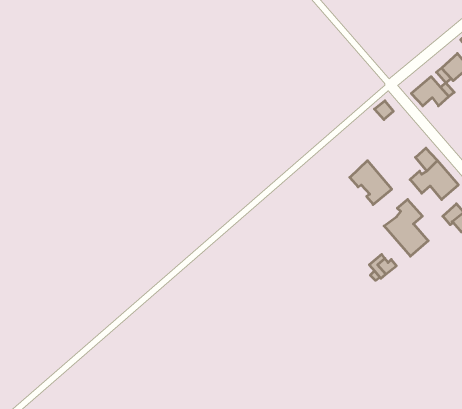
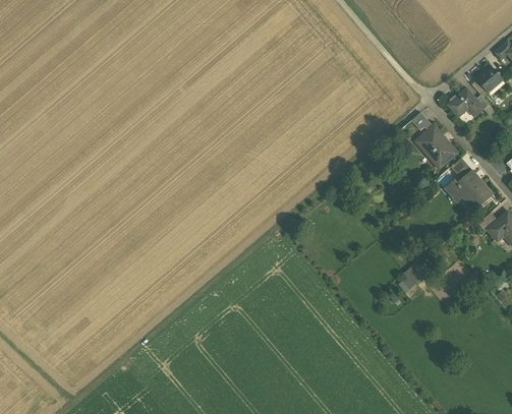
building: [350,161,392,205] -> [416,125,457,168]
building: [384,199,428,256] -> none

